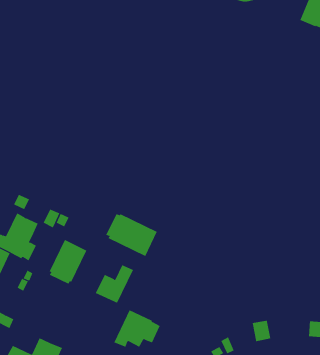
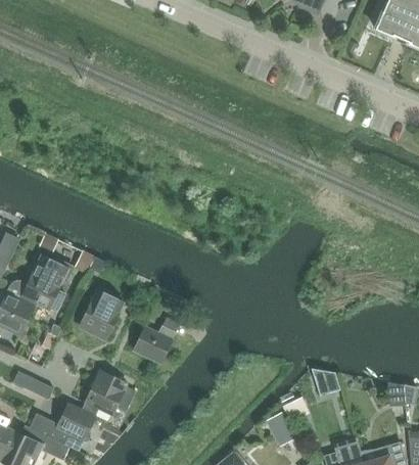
building: [105,213,157,257] -> none
building: [114,309,160,348] -> [82,370,137,415]

